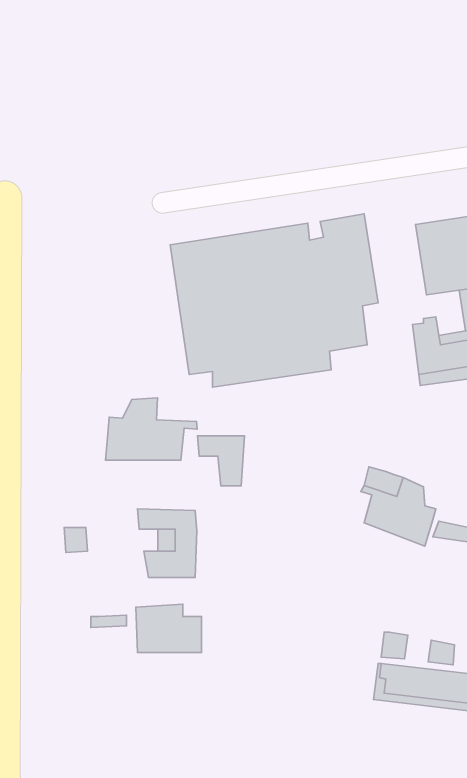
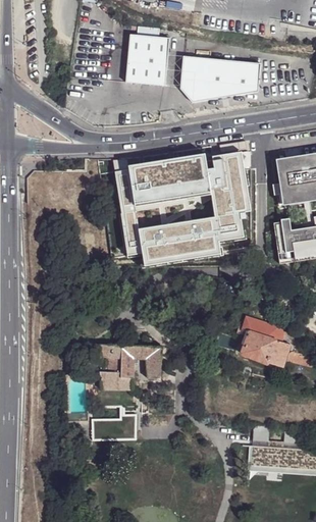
building: none -> [125,34,169,86]
building: none -> [182,55,261,102]
building: [106,398,197,460] -> none
building: [198,436,244,486] -> [130,344,161,376]

